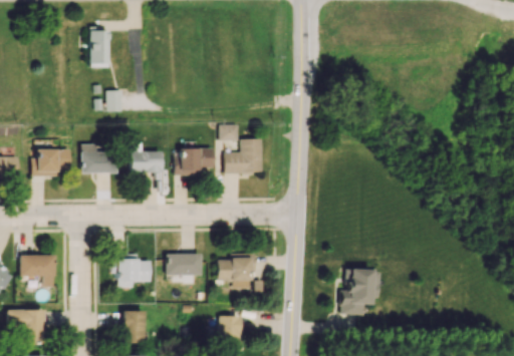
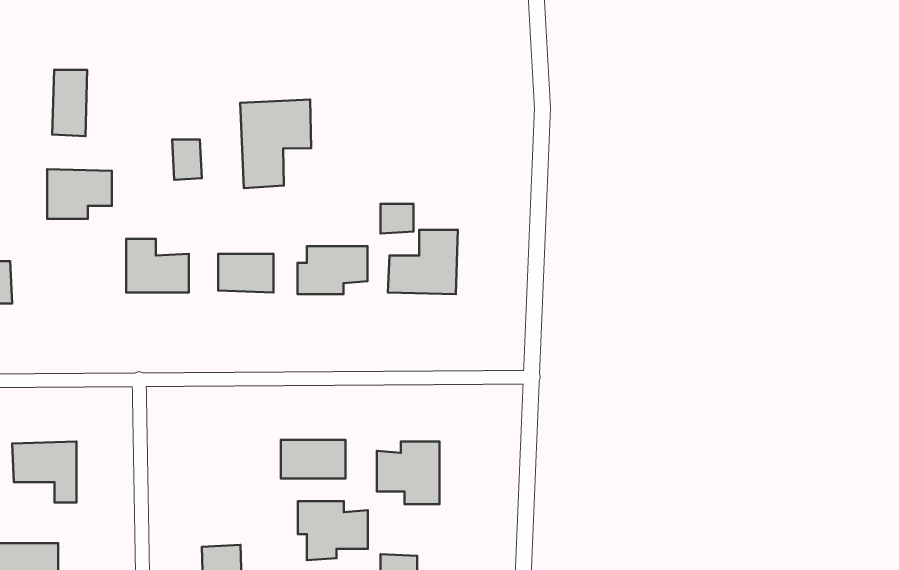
building: [90,30,109,66] -> [52,70,87,136]
building: none -> [240,100,311,188]
building: [36,148,71,175] -> [47,169,112,219]
building: [113,255,152,287] -> [298,501,368,560]
building: [340,269,378,314] -> none

